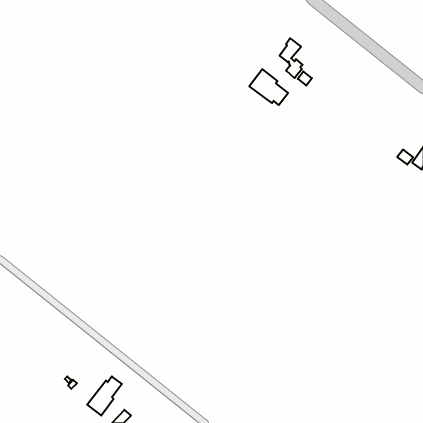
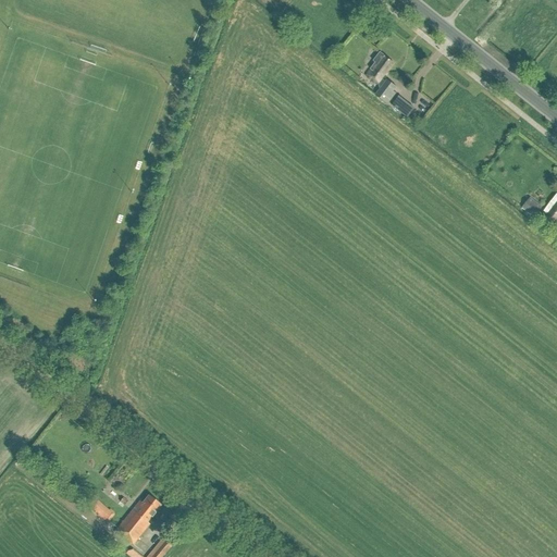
building: [249,69,288,105] -> none

